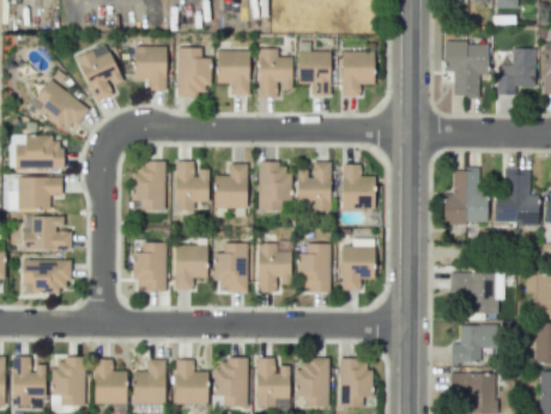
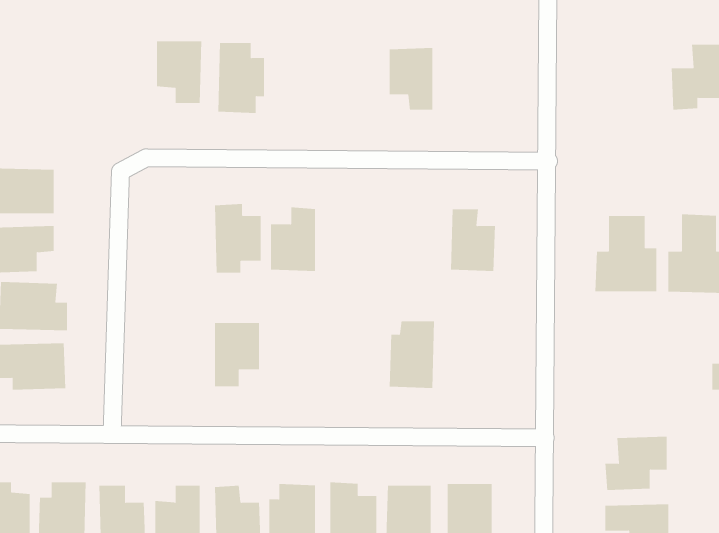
building: [444,42,489,97] -> none
building: [75,43,126,101] -> none
building: [259,48,292,97] -> none
building: [217,49,250,95] -> none
building: [341,50,375,96] -> none
building: [36,79,89,133] -> none
building: [132,162,165,209] -> none
building: [258,162,290,211] -> none
building: [297,162,331,211] -> none
building: [341,238,375,290] -> none
building: [133,242,166,290] -> none
building: [213,243,247,291] -> none
building: [258,243,291,292] -> none
building: [450,272,504,313] -> none

